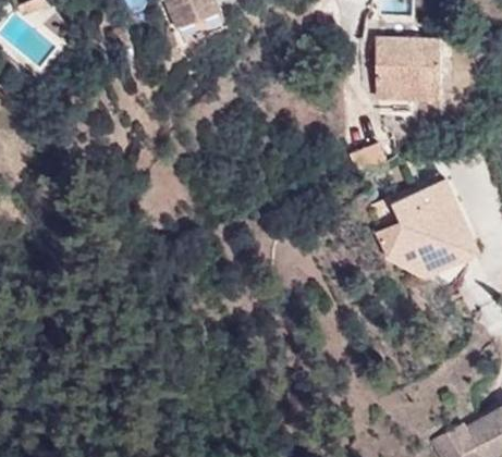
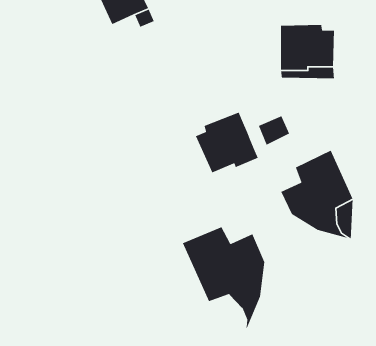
building: none -> [195,112,259,174]
building: none -> [182,226,265,334]

